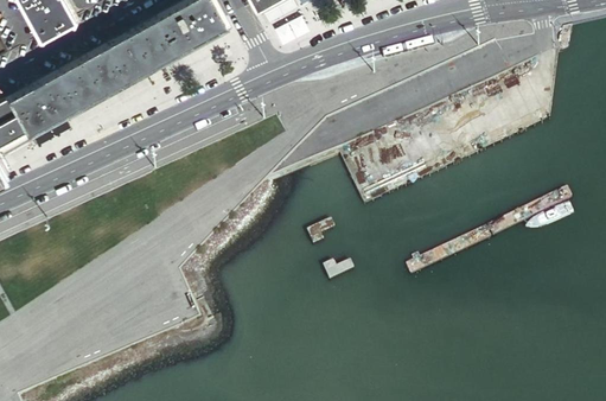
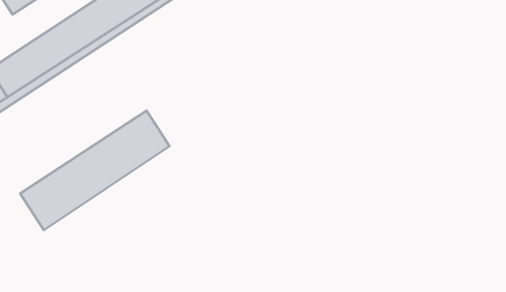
building: none -> [20,111,170,230]

